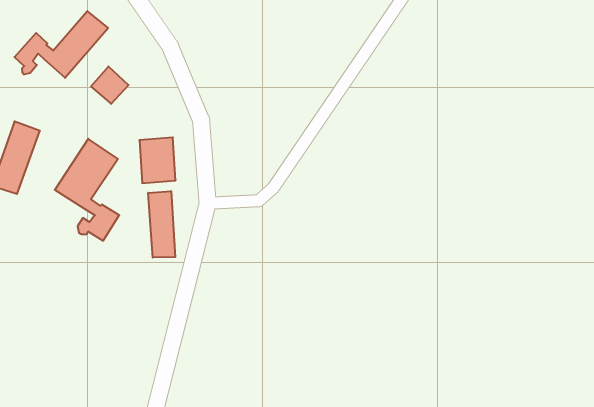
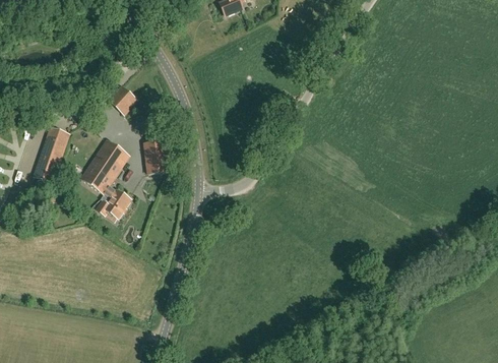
building: [14,11,108,78] -> none
building: [148,191,175,258] -> none

